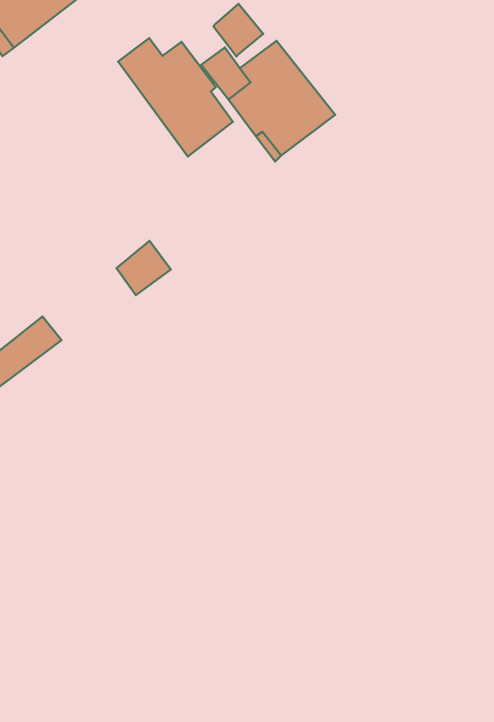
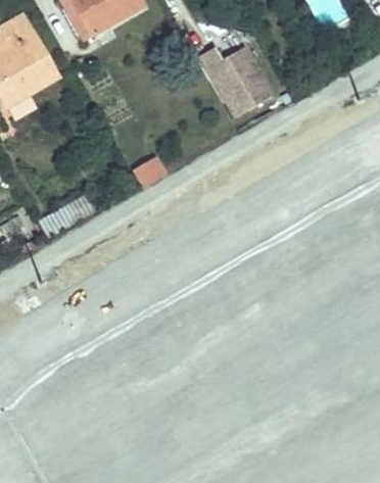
building: [118,38,233,157] -> none

